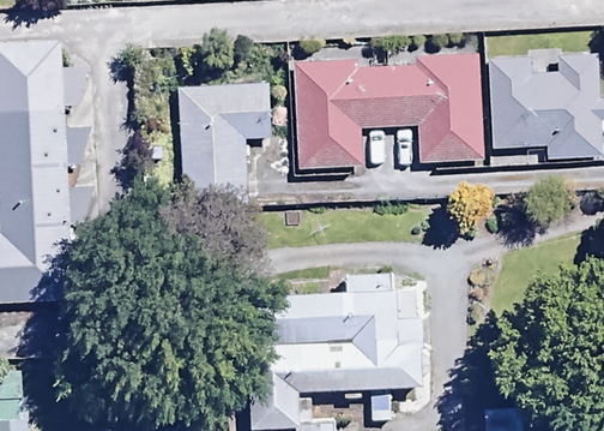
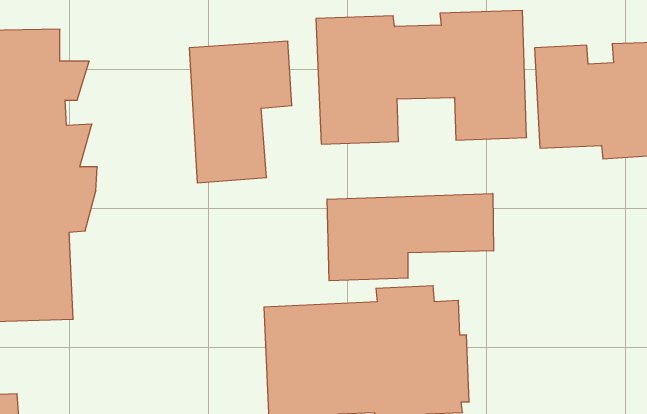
building: none -> [327,193,493,281]

